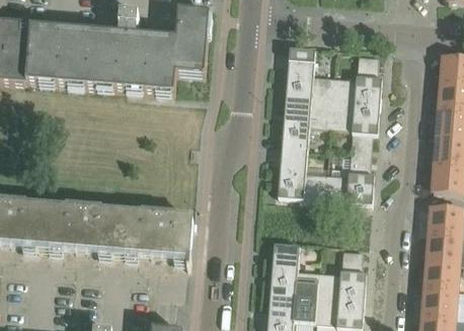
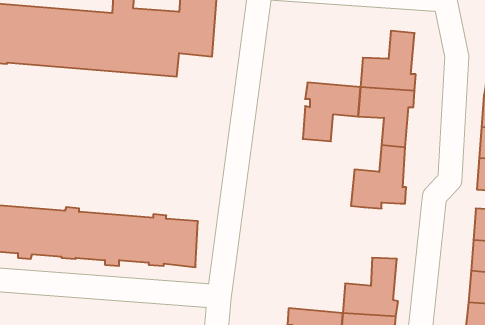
building: [287,45,334,98] -> none
building: [279,143,327,200] -> none
building: [270,239,319,293] -> none

